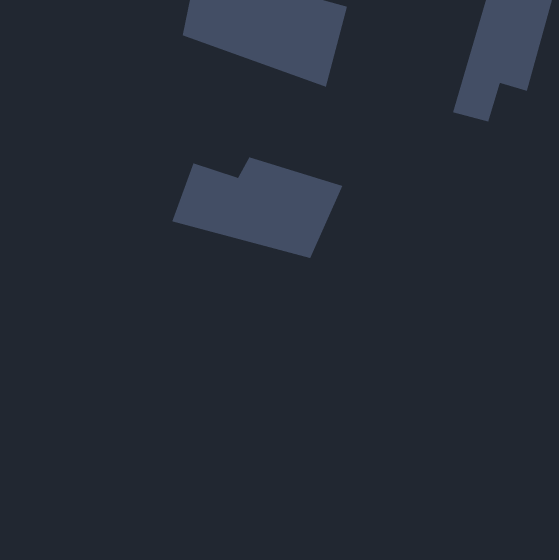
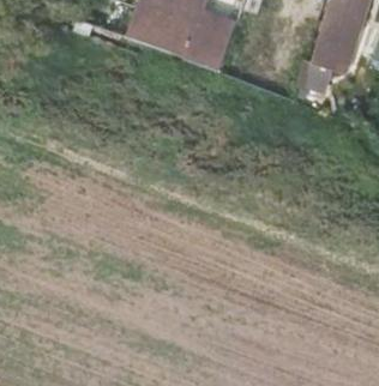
building: [171,157,343,259] -> none

